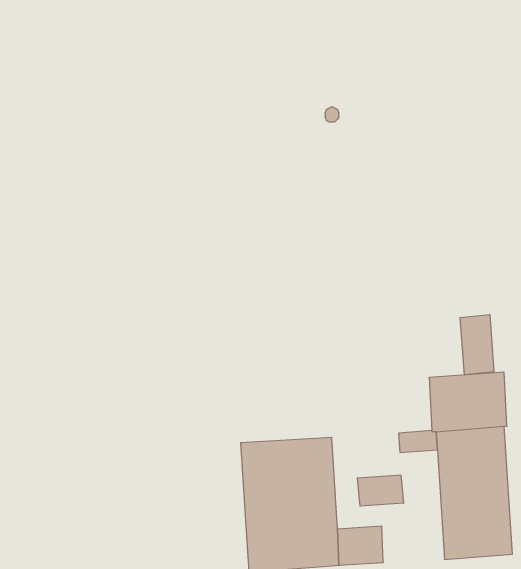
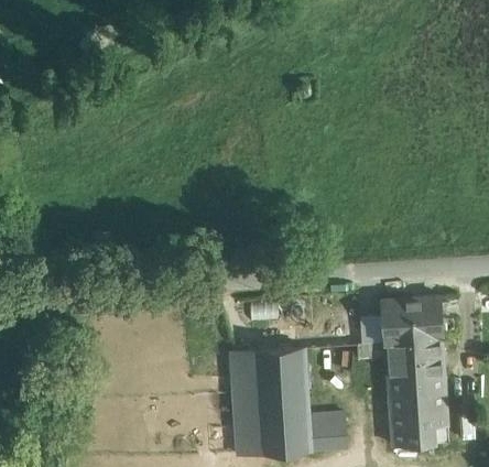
building: [460,314,494,375] -> none
building: [358,475,403,506] -> none

